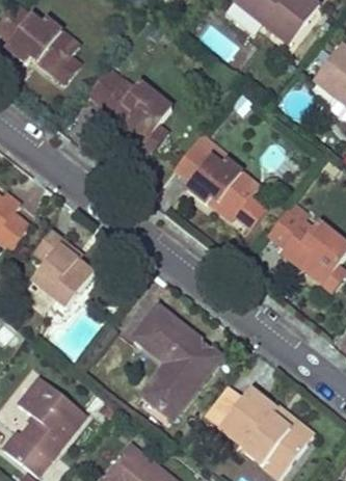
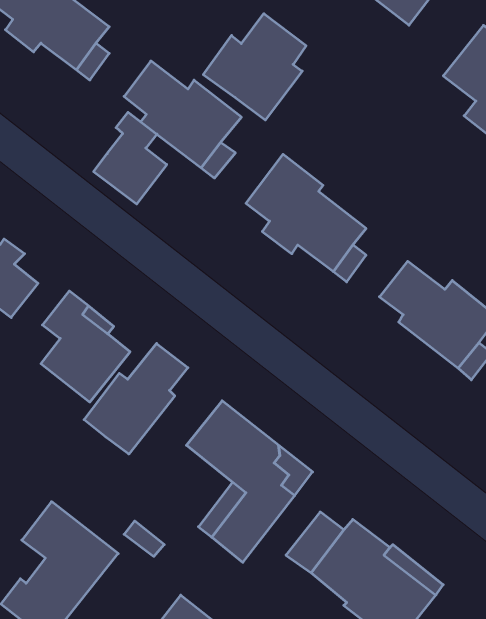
building: none -> [203,14,306,120]
building: none -> [94,112,167,204]
building: none -> [84,343,188,454]

